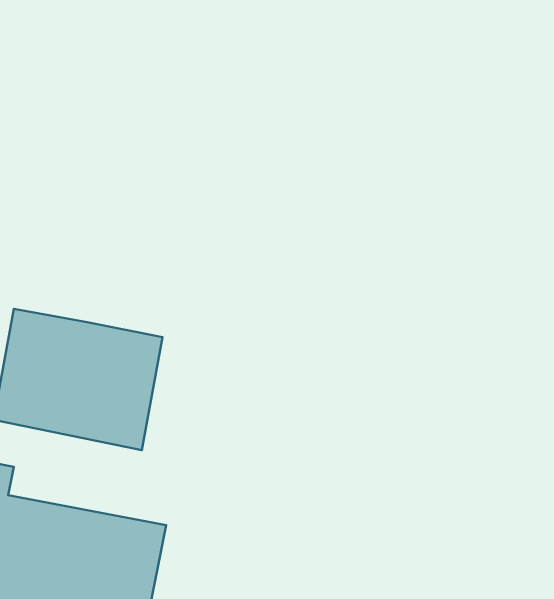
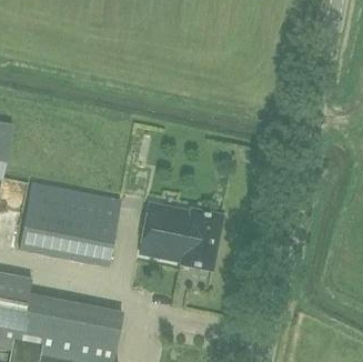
building: none -> [139,202,222,270]

